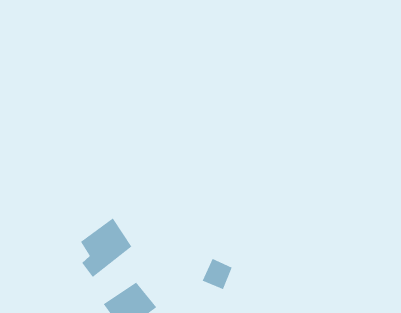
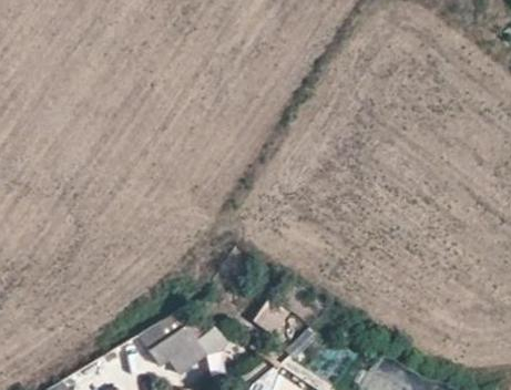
building: [80,217,132,278] -> none

